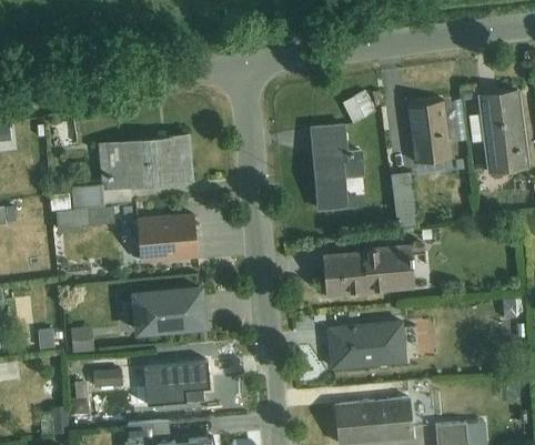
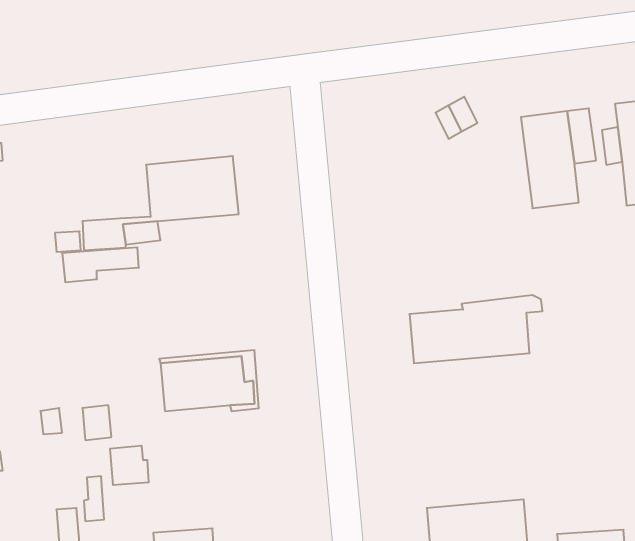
building: [311,125,365,210] -> none
building: [97,142,123,183] -> none
building: [391,172,417,229] -> none
building: [137,215,198,260] -> none
building: [329,322,406,368] -> none
building: [135,362,209,405] -> none

